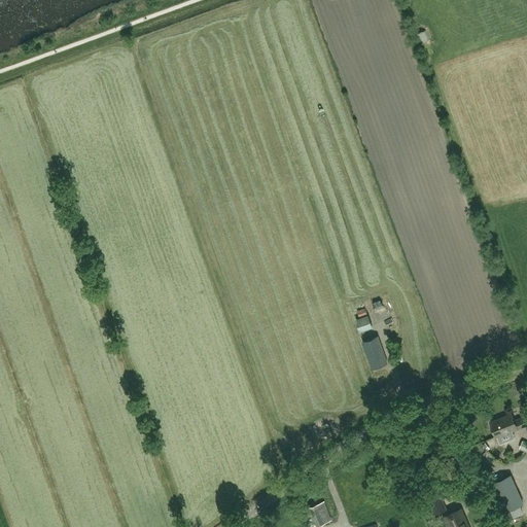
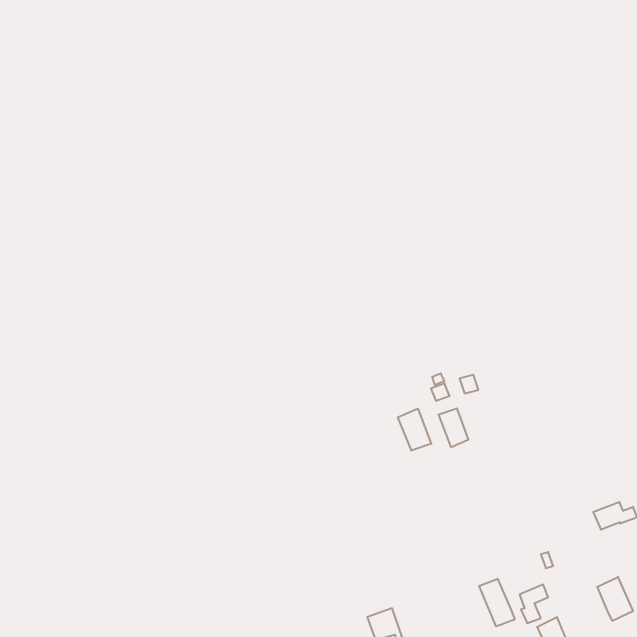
building: none -> [398,409,431,451]
building: none -> [479,579,515,626]

